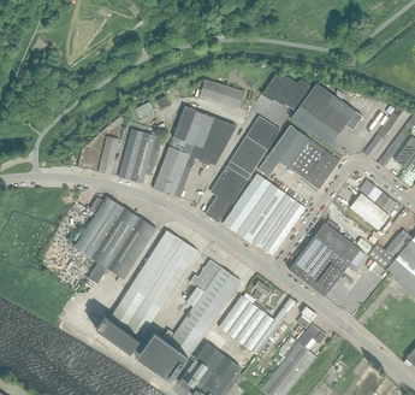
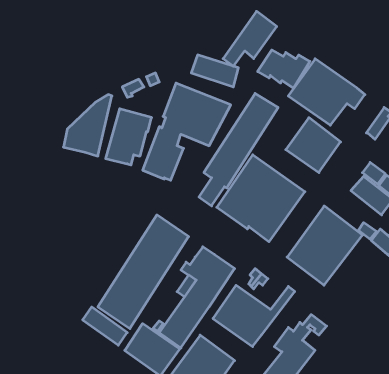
building: [259,124,309,176] -> [223,11,277,66]
building: [75,196,156,283] -> none

